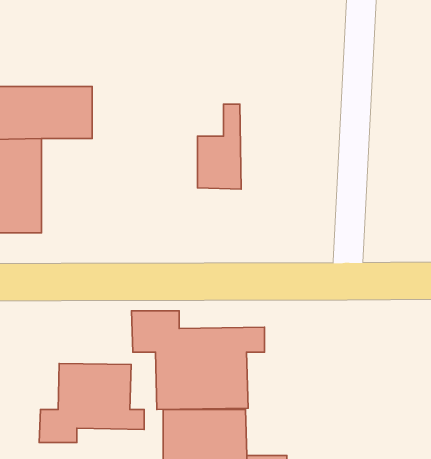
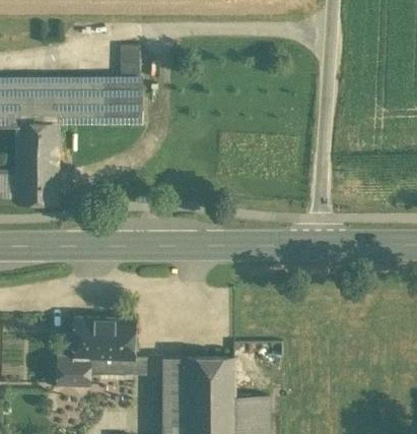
building: [197,104,241,189] -> [101,51,139,124]
building: [131,311,265,410] -> none

